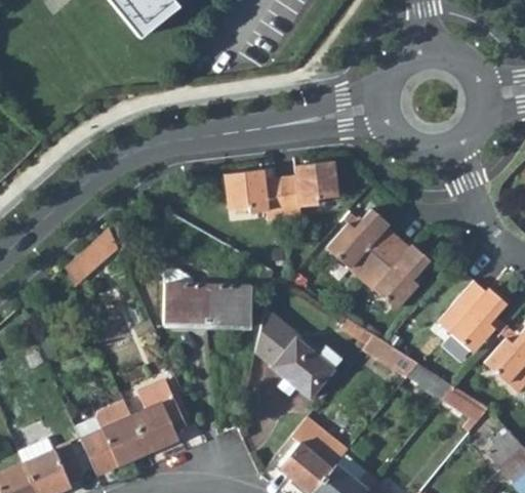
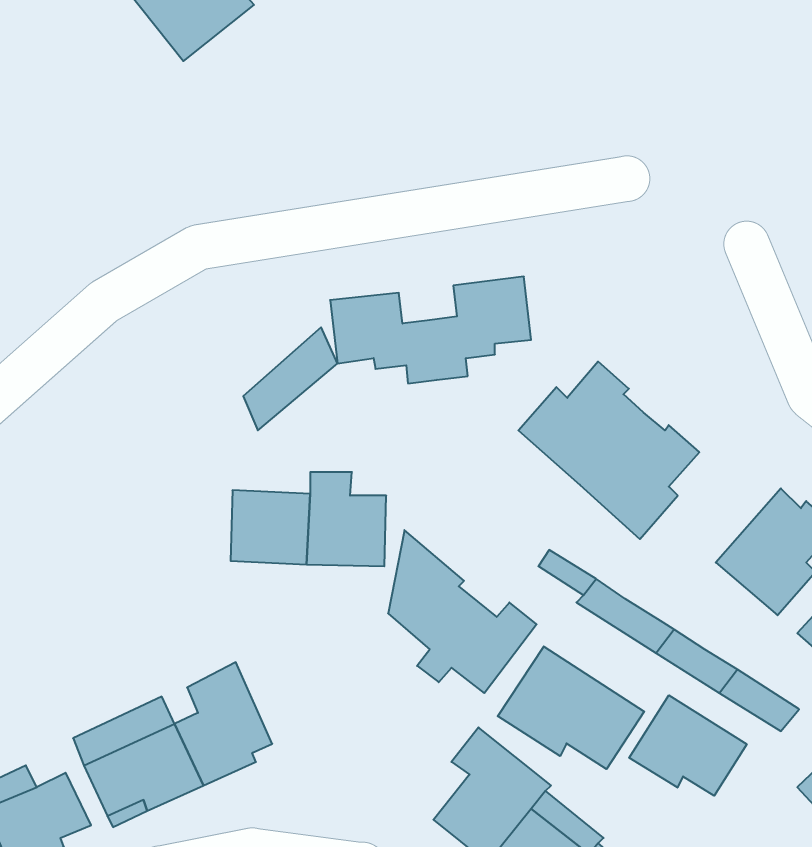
building: [66,225,119,284] -> [243,327,337,430]
building: none -> [498,646,644,769]
building: none -> [629,695,747,796]

